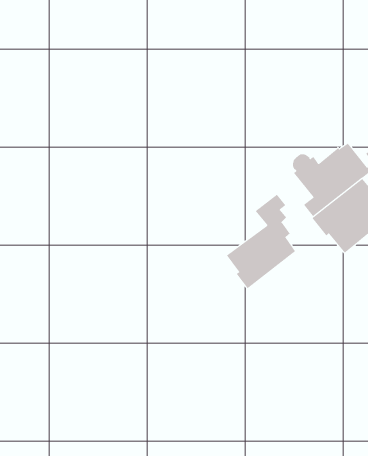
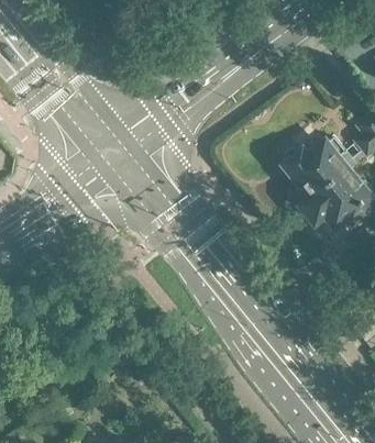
building: [226,194,296,289] -> none

